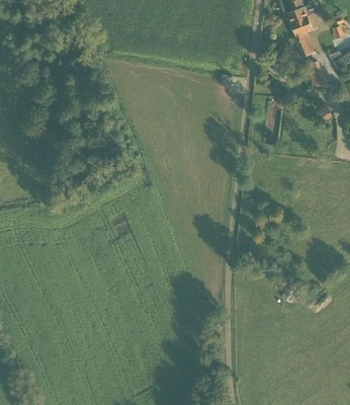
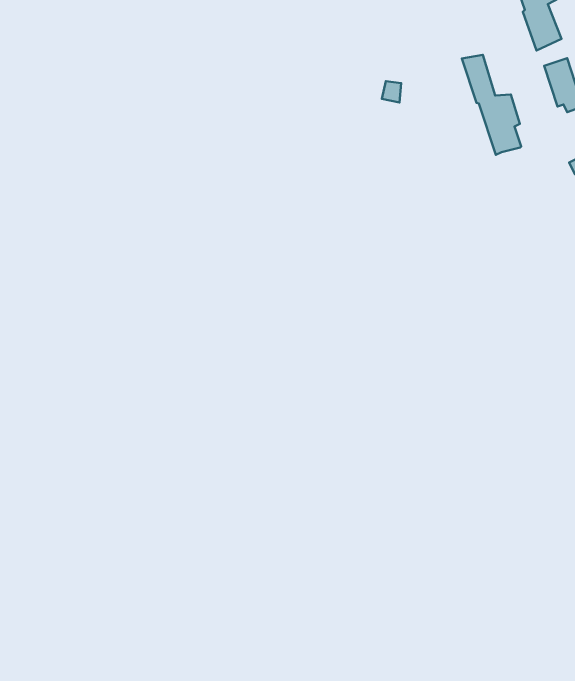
building: none -> [462,55,521,155]

